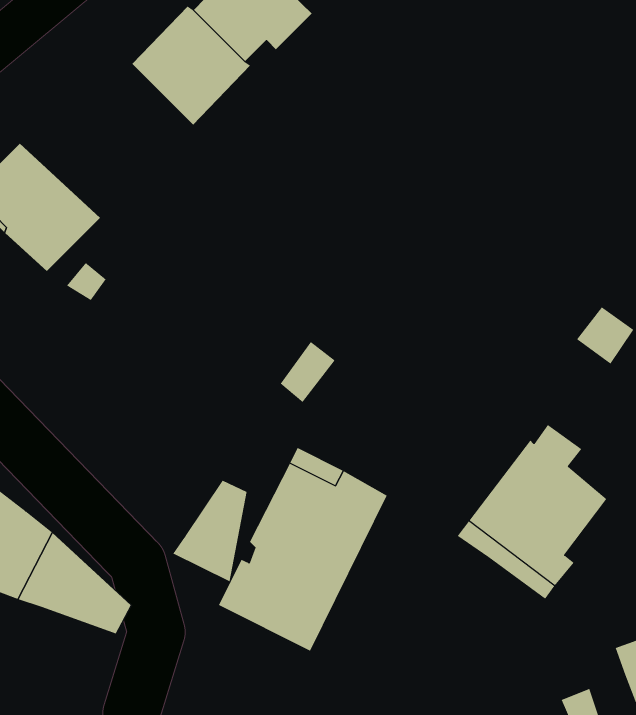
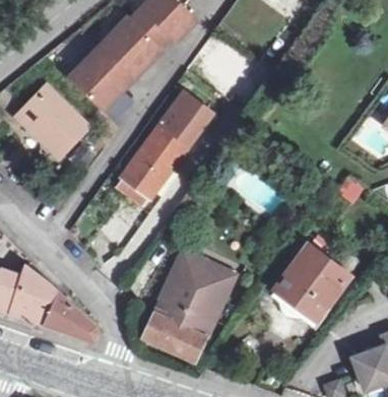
building: none -> [68,47,131,111]
building: none -> [120,91,210,196]
building: [173,480,247,582] -> none

